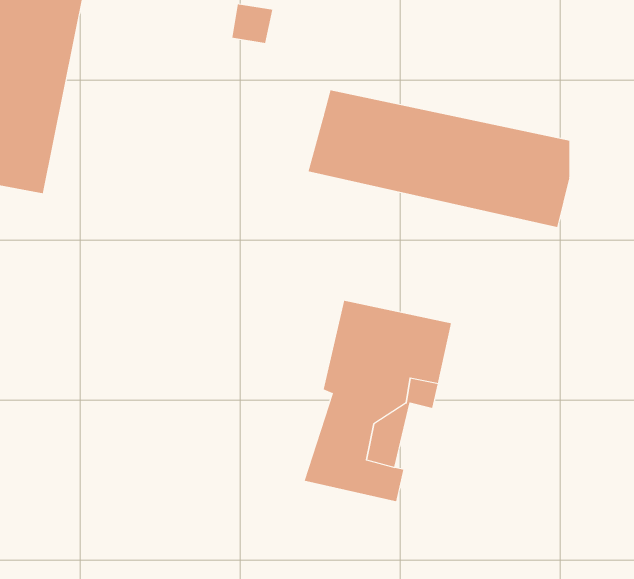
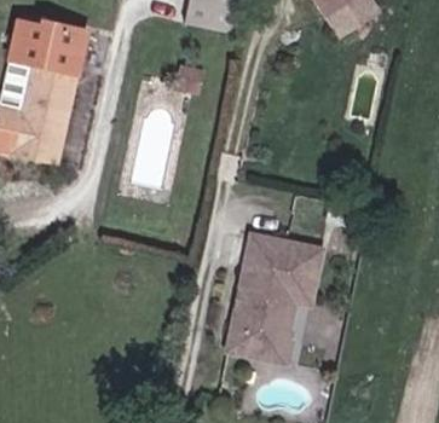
building: [308,89,570,228] -> none

